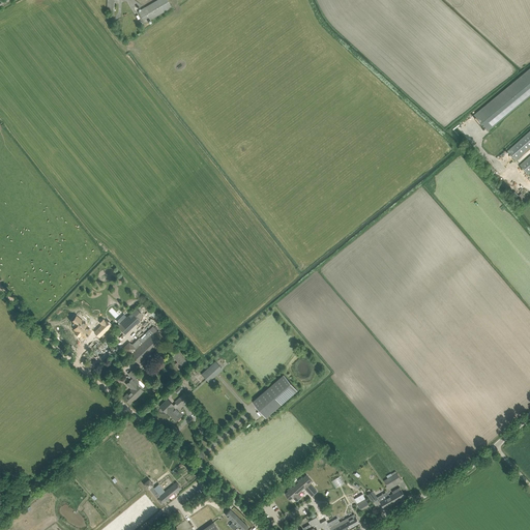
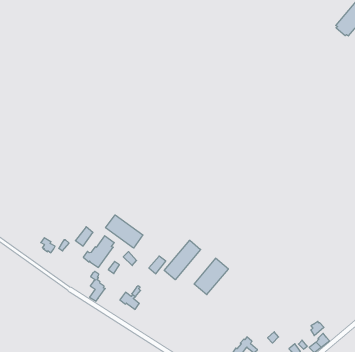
building: none -> [106,215,143,248]
building: none -> [164,240,201,280]

